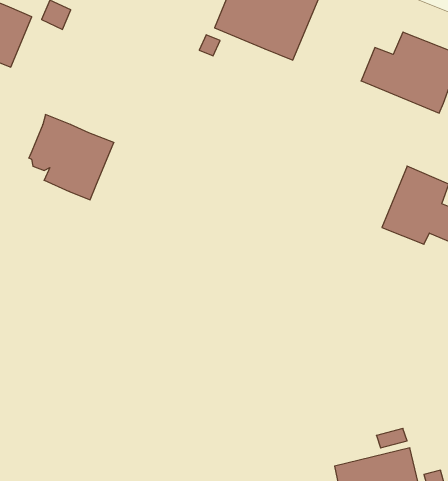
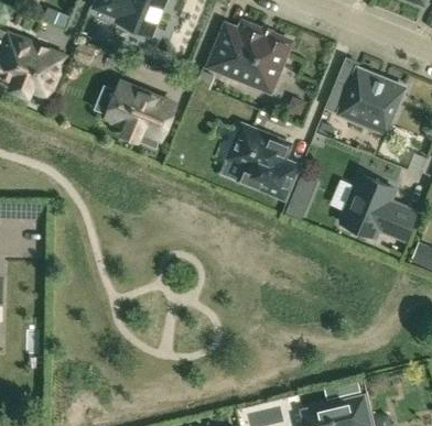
building: none -> [230,125,295,196]
building: [29,115,114,200] -> [107,81,174,149]
building: none -> [284,175,316,218]

